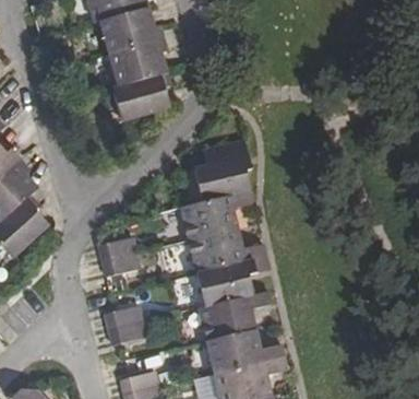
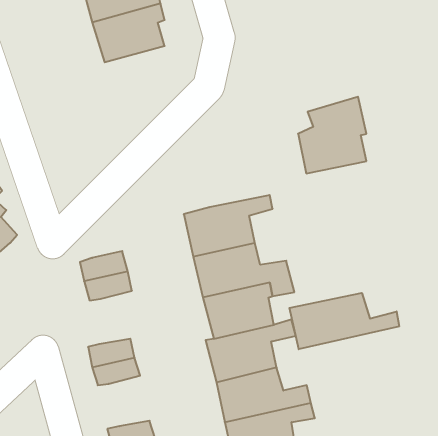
building: [112,72,170,119] -> none
building: [195,140,250,201] -> [298,97,366,173]
building: none -> [289,293,399,349]

